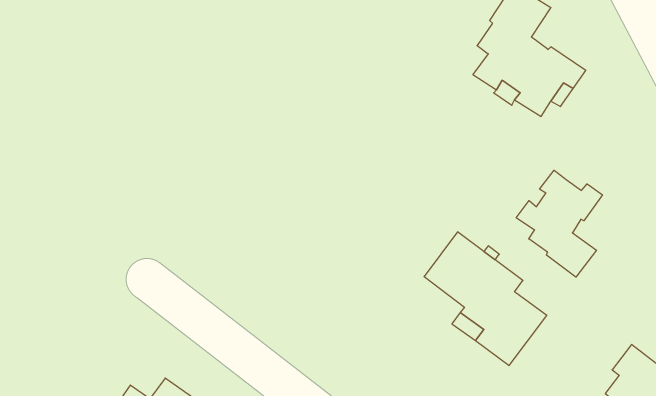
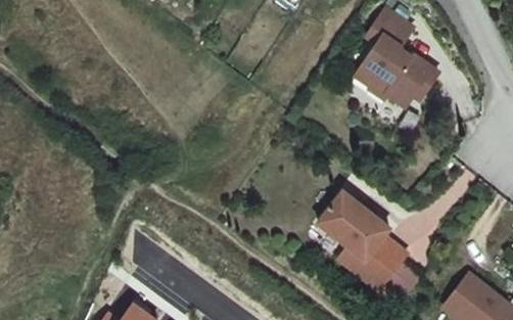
building: [516,170,602,277] -> none

